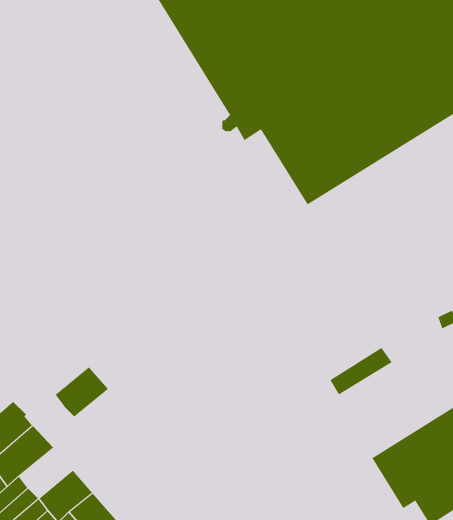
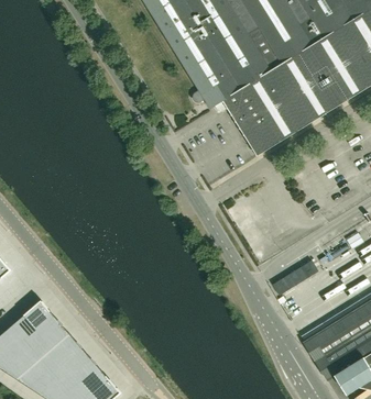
building: [55,366,109,417] -> [44,333,84,370]

